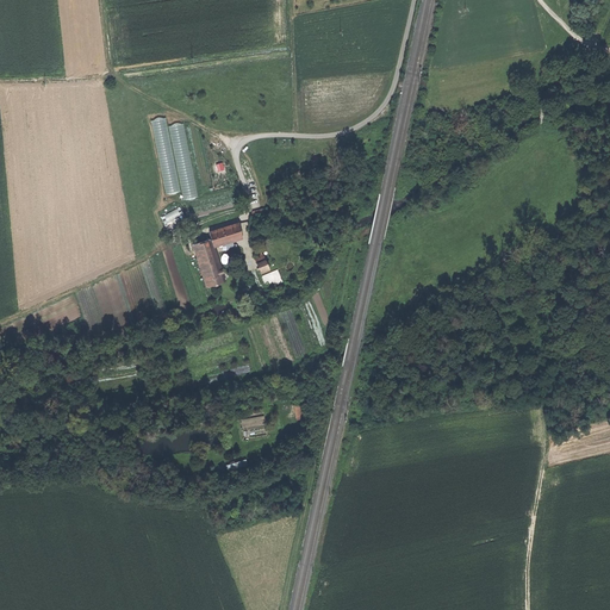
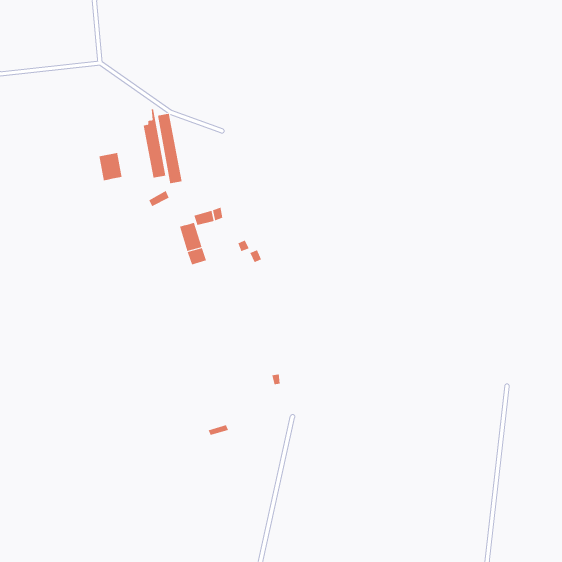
building: none -> [99,152,122,181]

